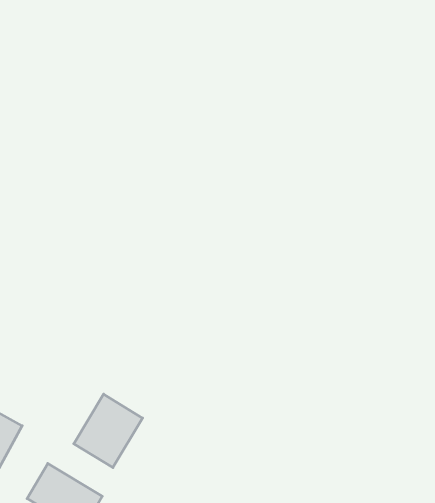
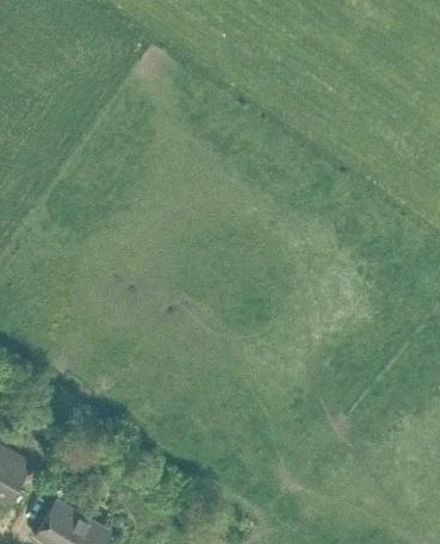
building: [74,394,143,468] -> none

